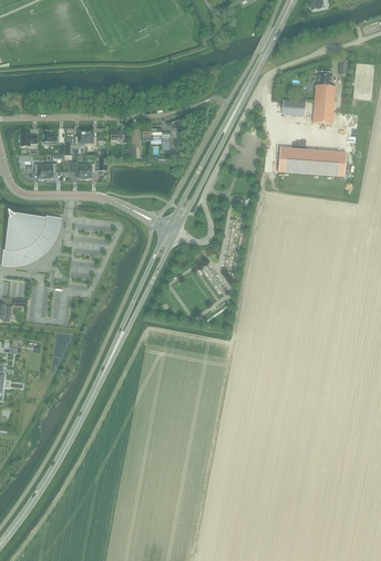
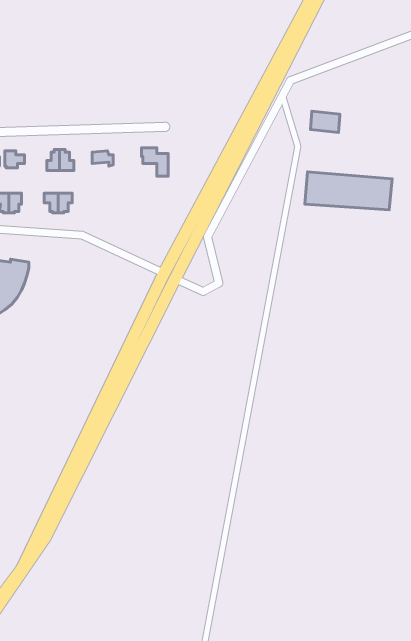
building: [312,71,334,123] -> none

